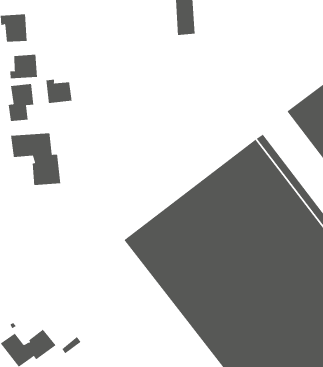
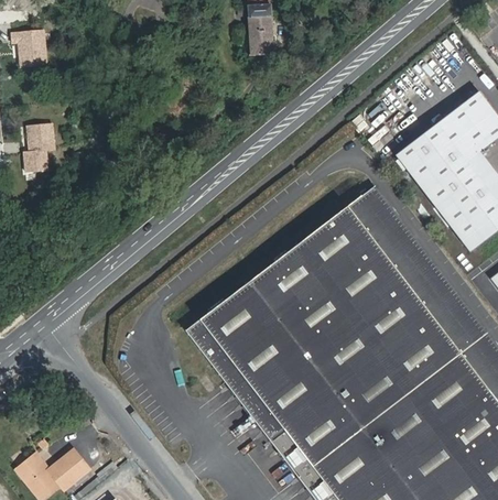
building: [10,54,37,79] -> none
building: [46,79,72,104] -> none
building: [10,132,61,186] -> none

